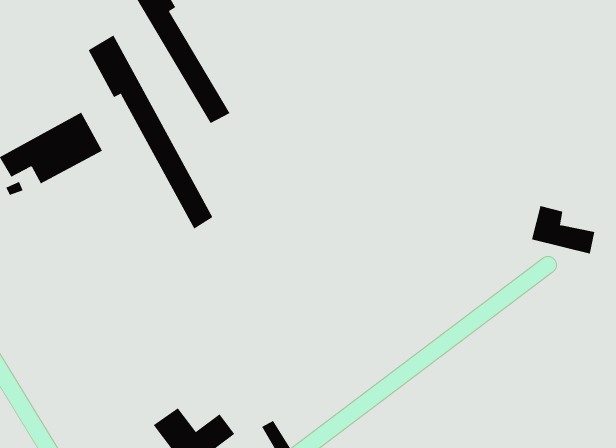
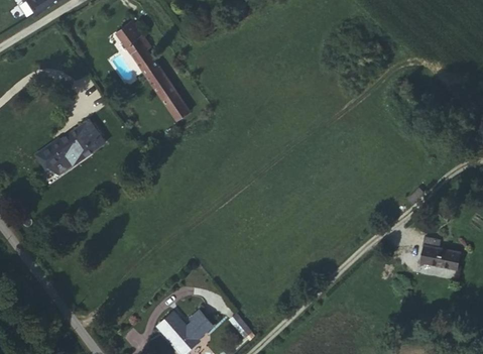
building: [88,34,213,230] -> none
building: [531,205,595,254] -> [410,240,453,270]

